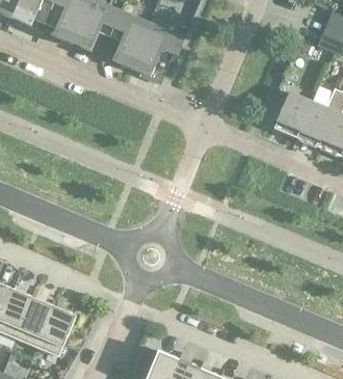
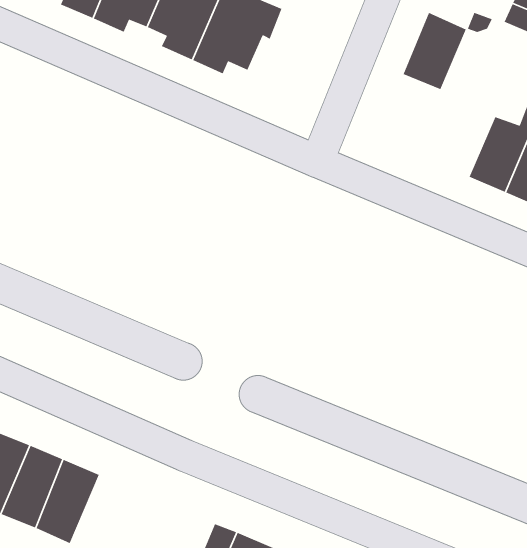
building: [273,90,312,137] -> [402,12,467,90]

